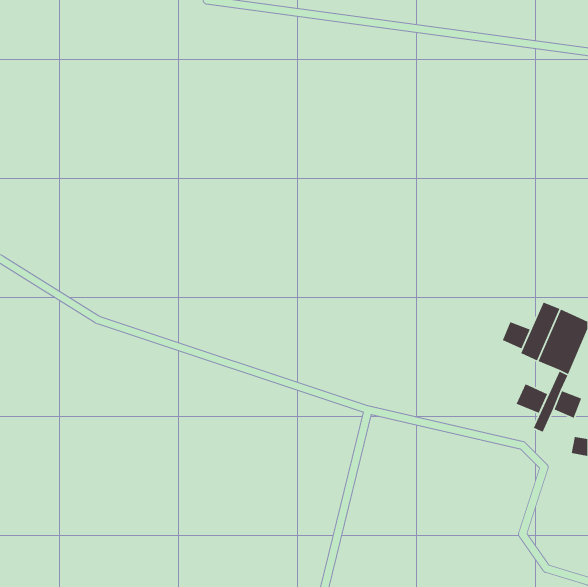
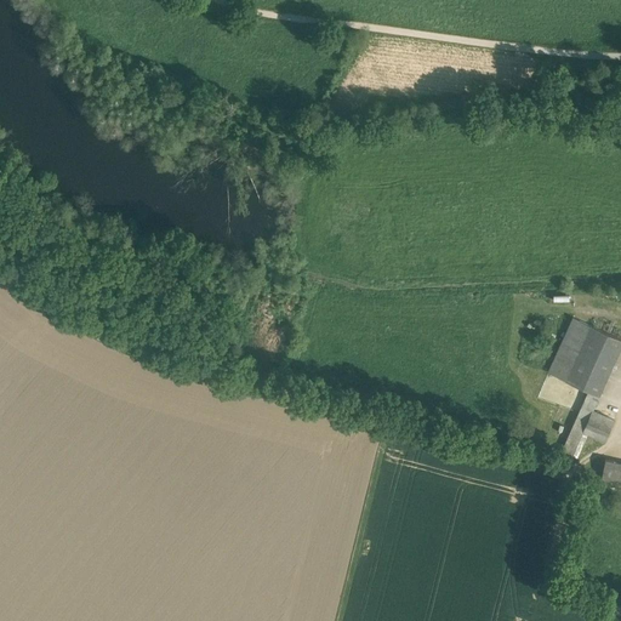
building: [502,321,531,349] -> none
building: [515,383,548,414] -> none

